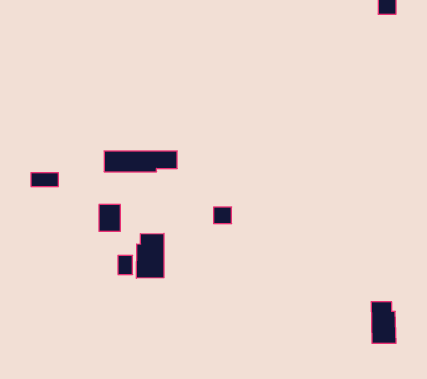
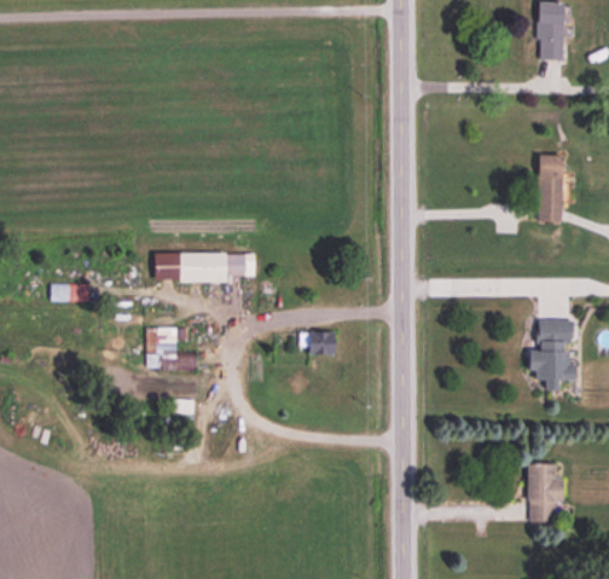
building: none -> [538,155,562,222]
building: none -> [532,320,573,390]
building: [136,233,164,278] -> none

